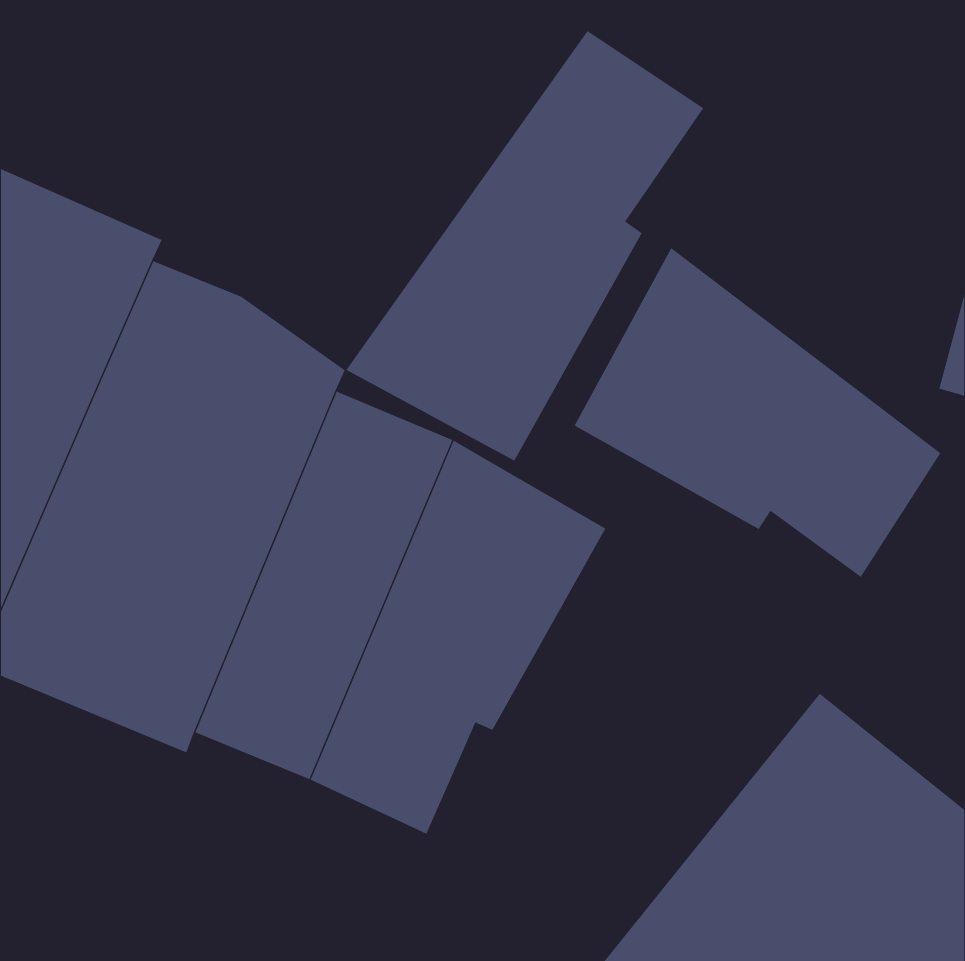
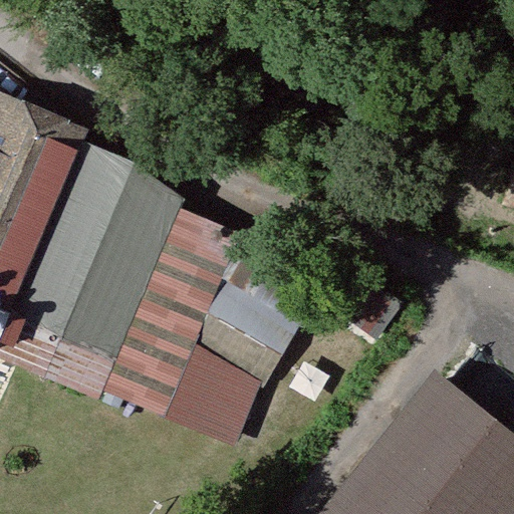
building: [346,30,704,461] -> none
building: [574,247,941,578] -> none

